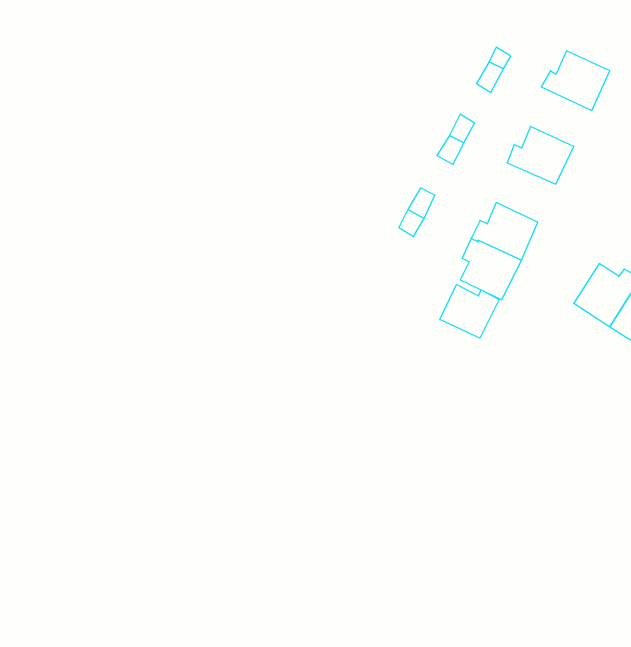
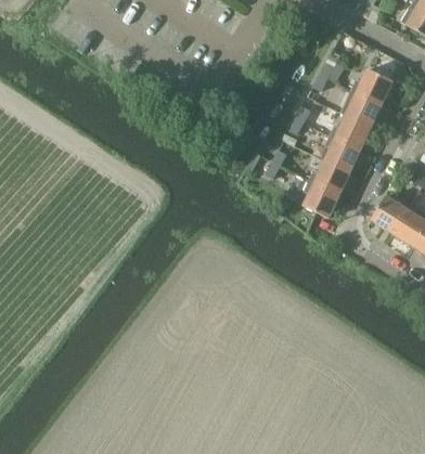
building: none -> [346,89,383,125]
building: none -> [325,134,361,170]
building: [440,285,499,338] -> none

